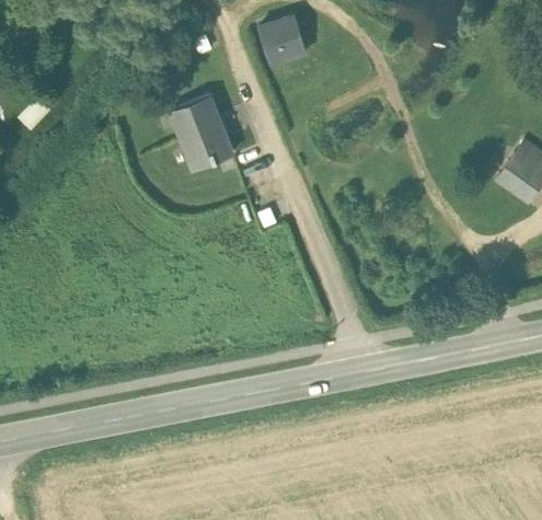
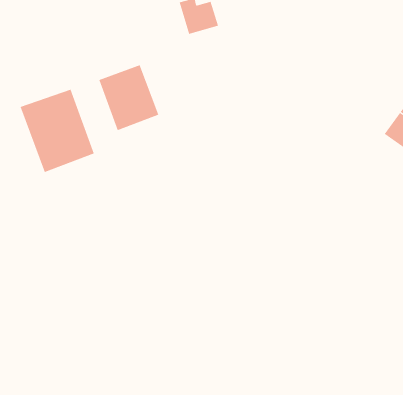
building: none -> [20,89,94,173]

